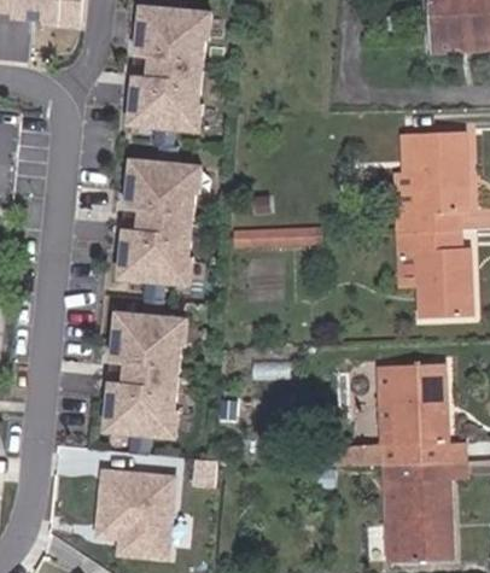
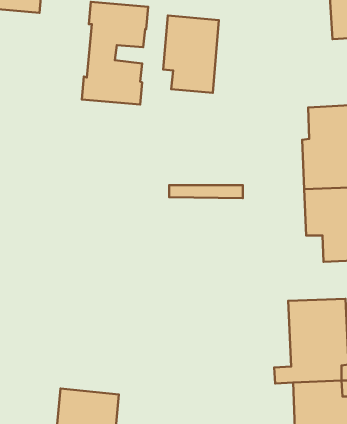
building: none -> [163,15,219,93]
building: [119,159,200,283] -> none
building: [105,312,185,435] -> none

